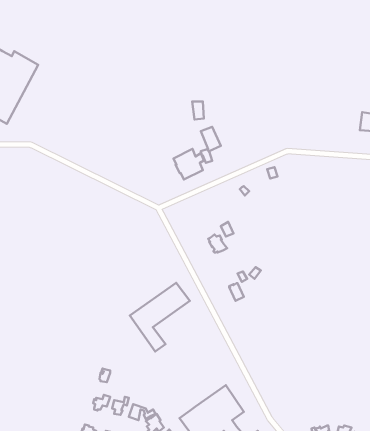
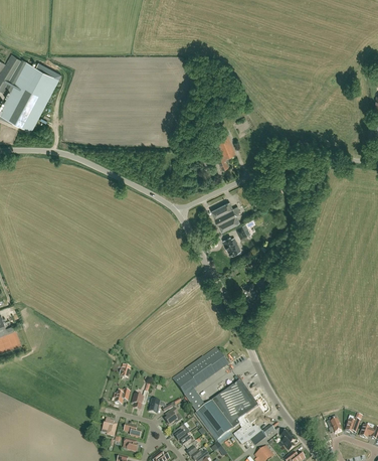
building: [173,149,204,180] -> [211,202,240,232]
building: [130,283,190,351] -> [172,347,229,413]

